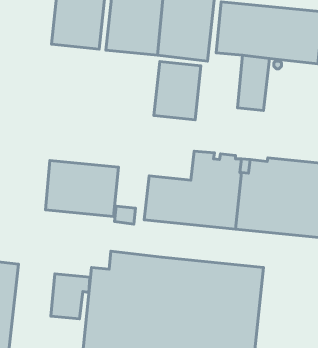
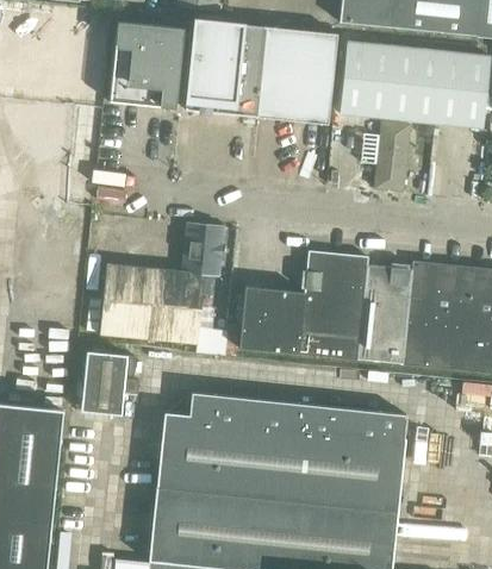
building: [154,62,201,120] -> none
building: none -> [175,223,216,274]
building: [51,274,90,319] -> [81,351,136,414]

